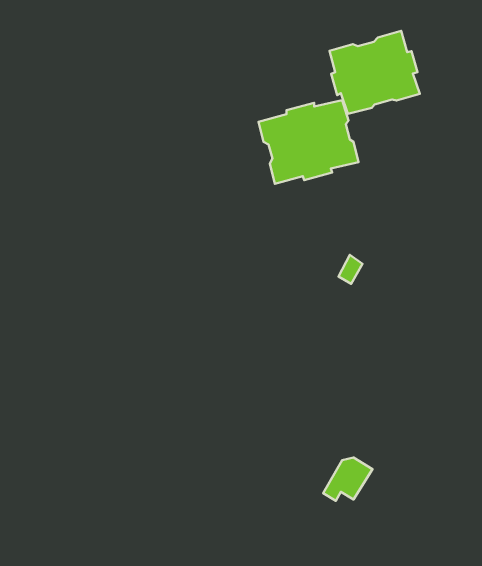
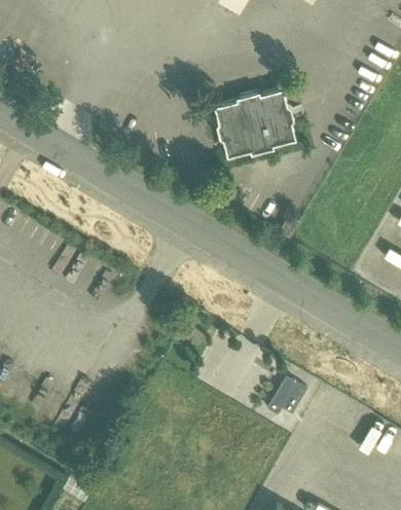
building: [329,31,420,114] -> none

